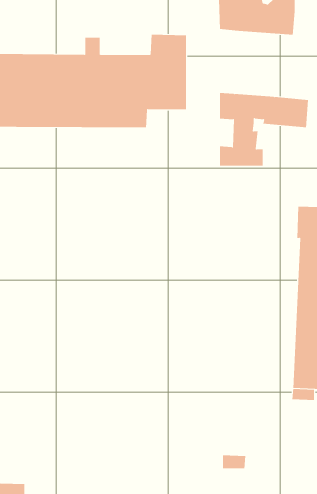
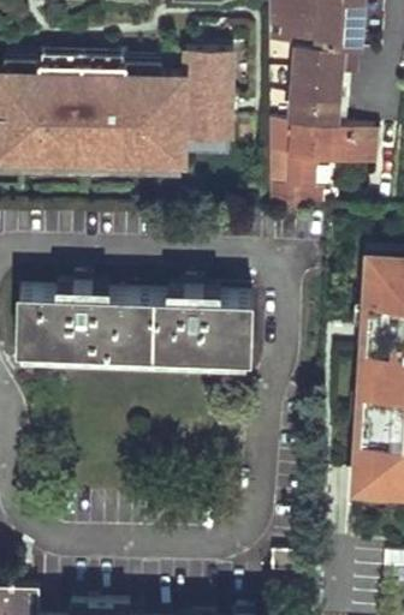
building: none -> [287,49,341,127]
building: none -> [19,277,251,362]

